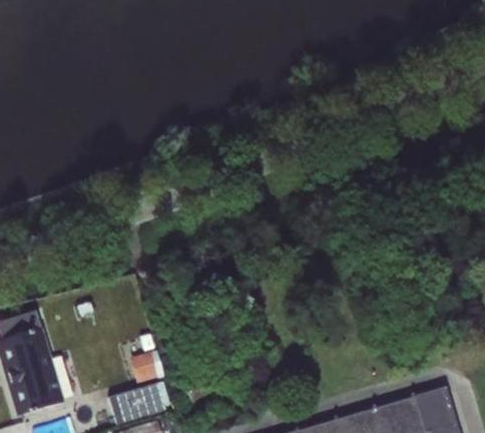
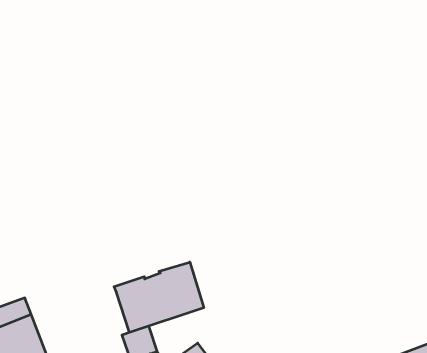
building: none -> [114,262,204,332]

